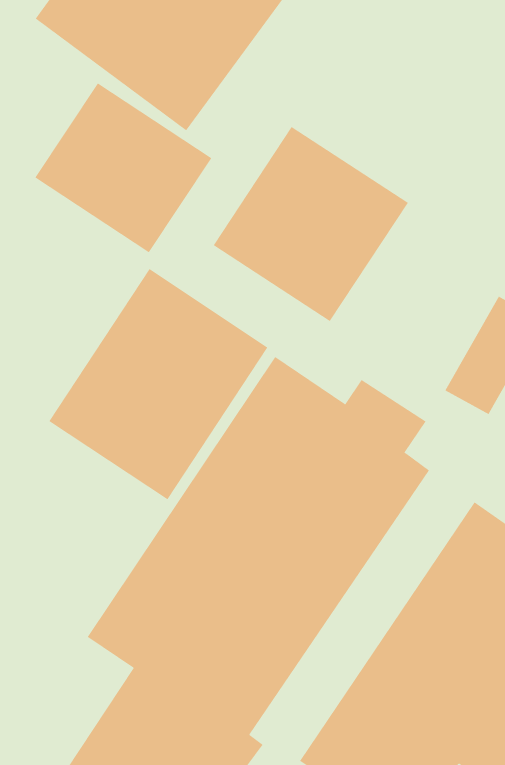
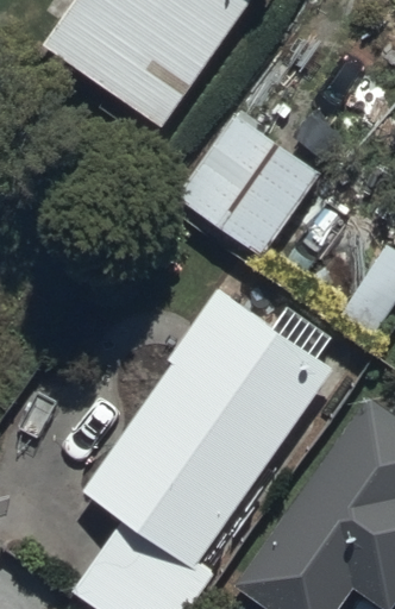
building: [34,83,212,253] -> none
building: [49,268,268,500] -> none

